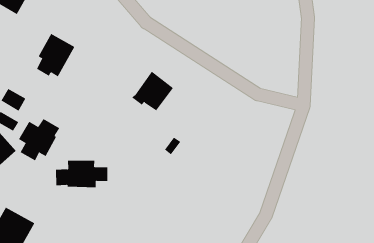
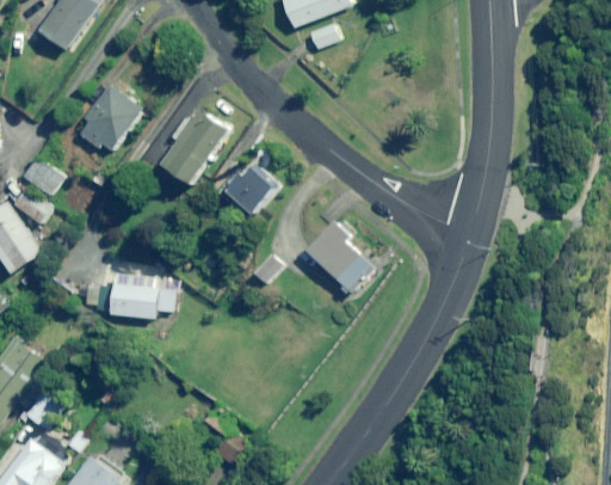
building: none -> [161,109,236,184]
building: none -> [308,222,375,291]
building: [18,118,60,161] -> none

